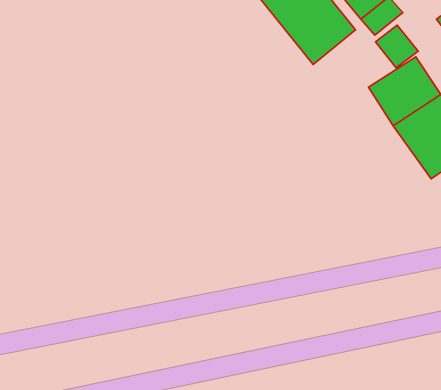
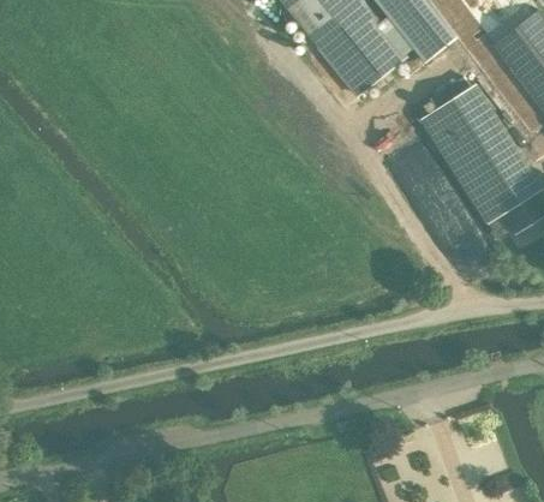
building: [375,25,418,68] -> none

